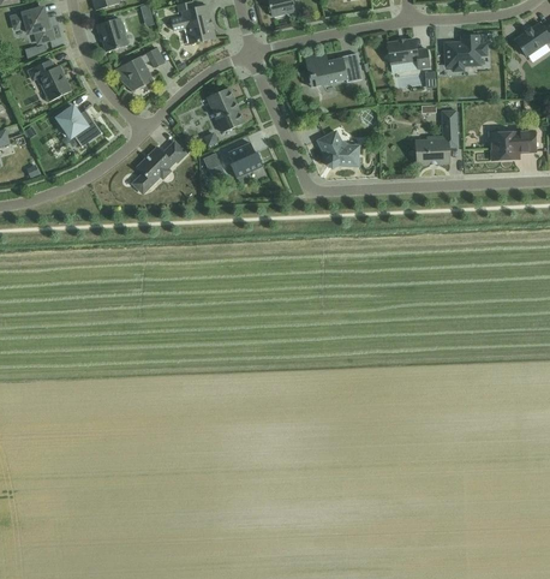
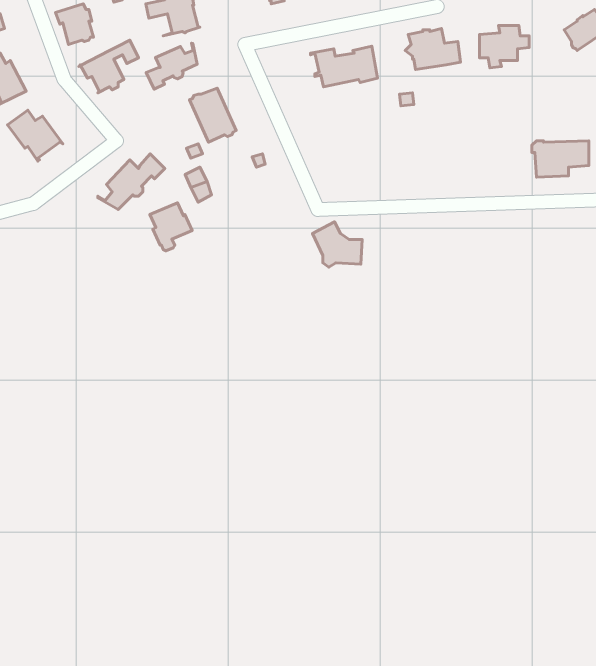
building: none -> [146,43,197,89]
building: [414,111,456,165] -> none
building: [317,131,358,168] -> [313,222,362,267]
building: [227,143,262,183] -> [150,203,192,251]

